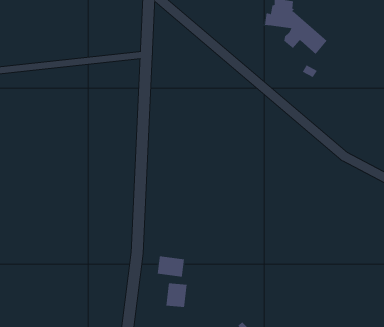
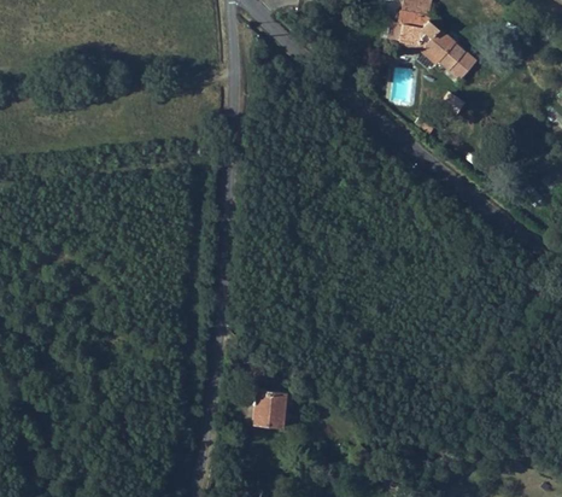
building: [157,256,184,277] -> none

